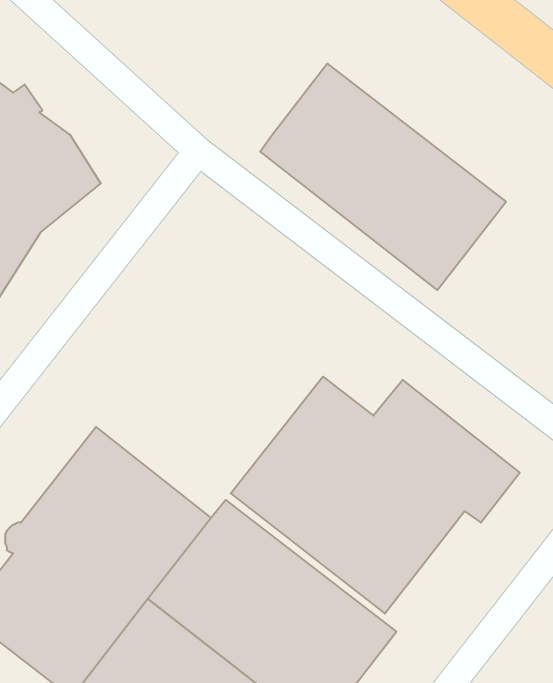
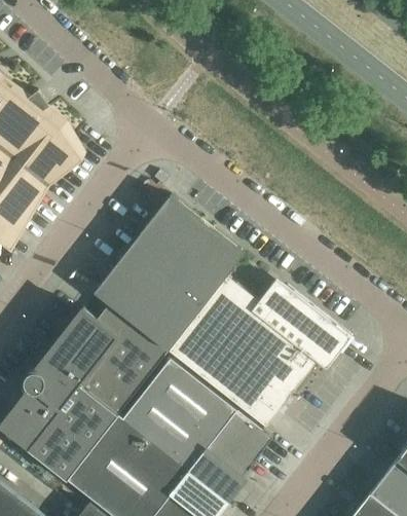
building: [260,64,506,290] -> none
building: none -> [91,196,242,352]

